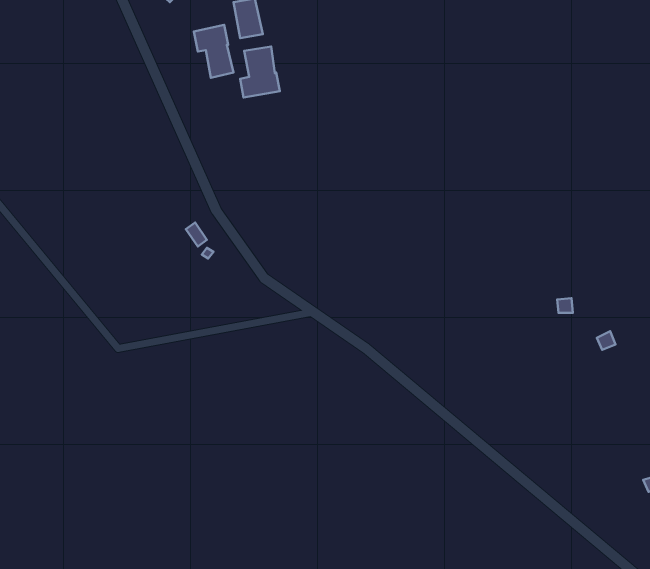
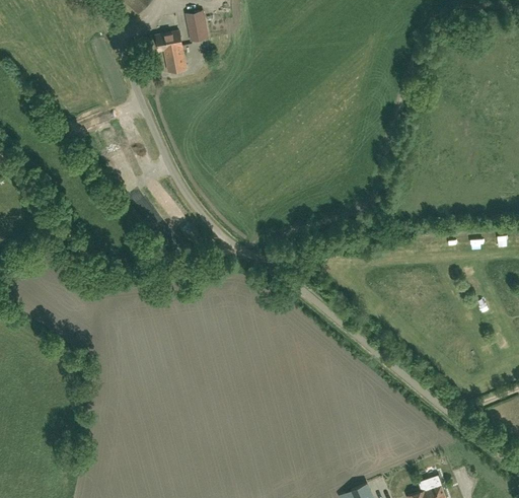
building: [240,46,280,98] -> none

